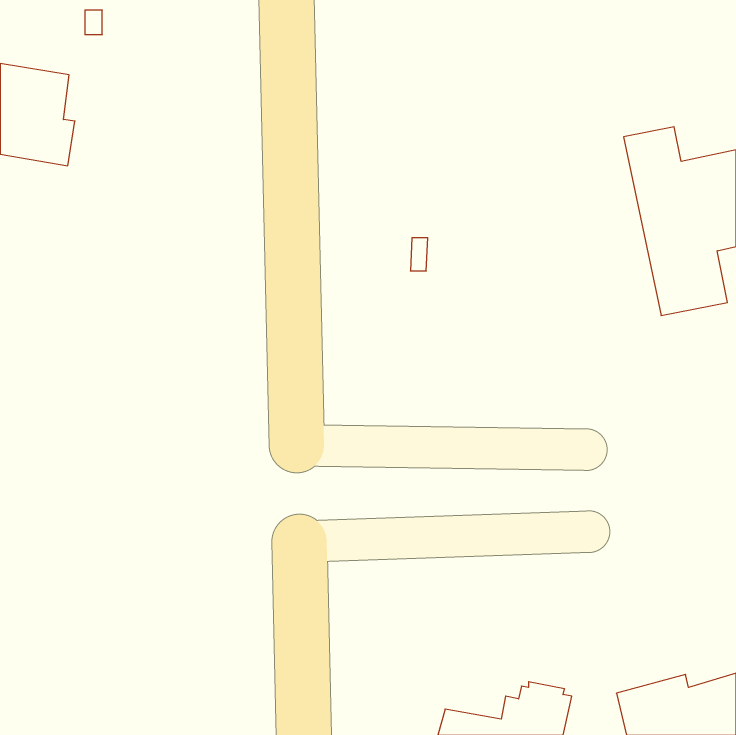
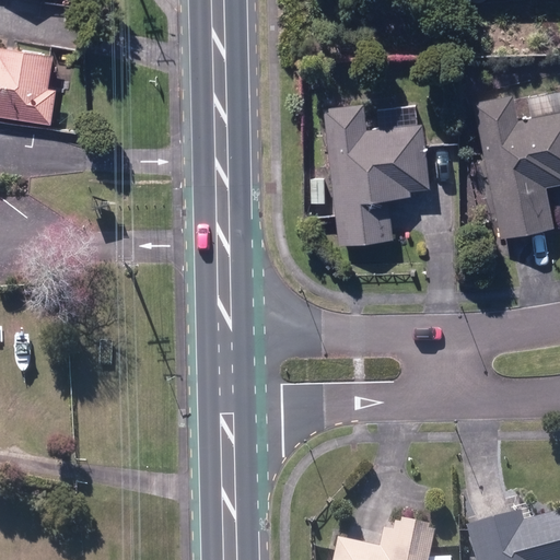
building: none -> [324,106,429,247]

